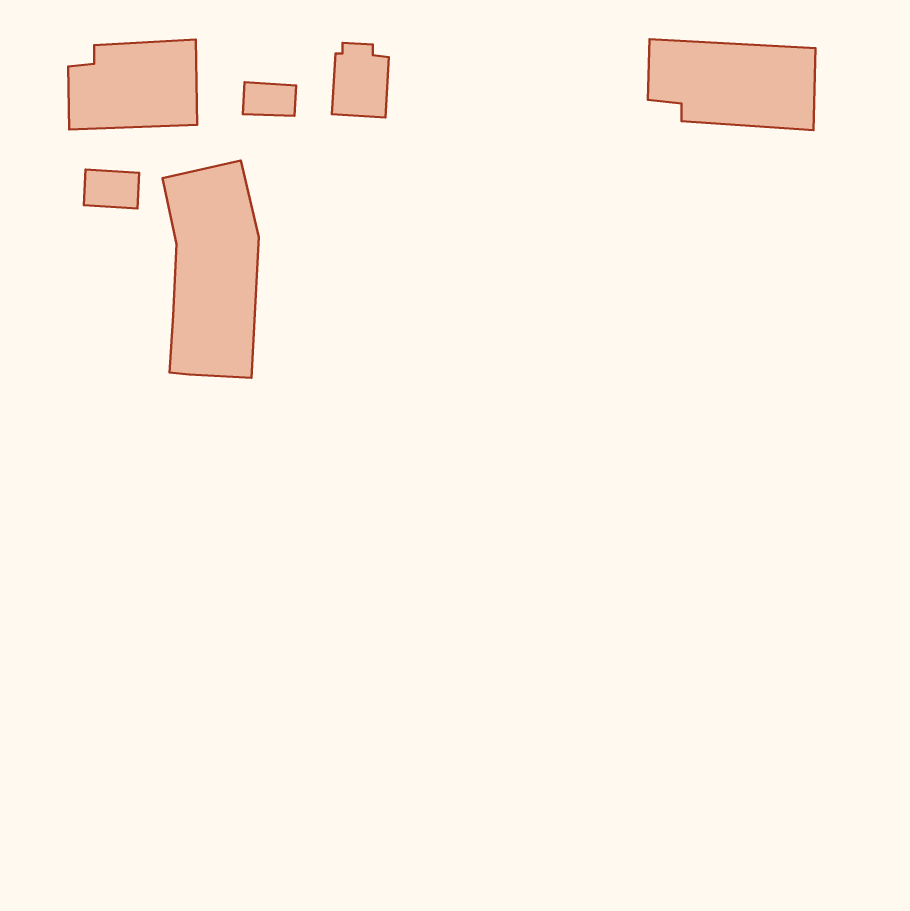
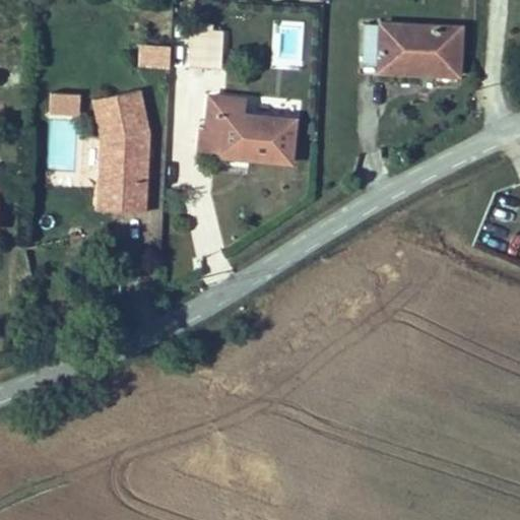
building: [68,40,197,130] -> none
building: none -> [197,98,297,162]

